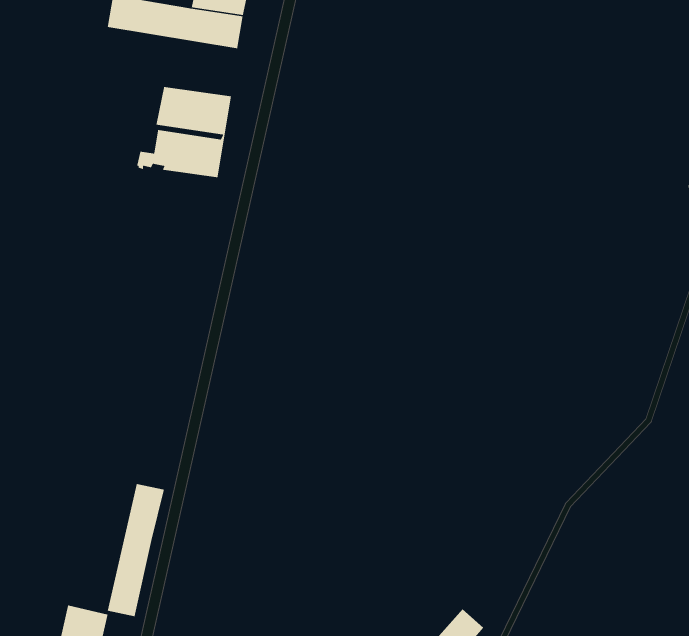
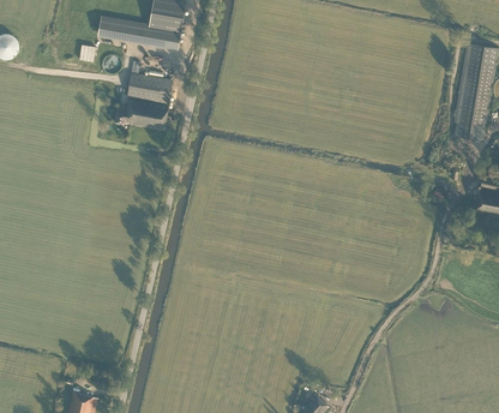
building: [107,483,165,617] -> none

